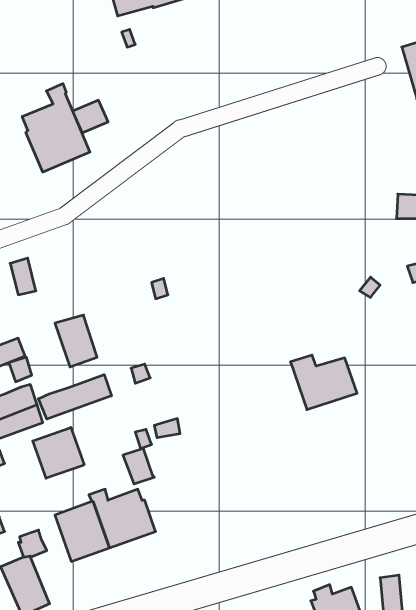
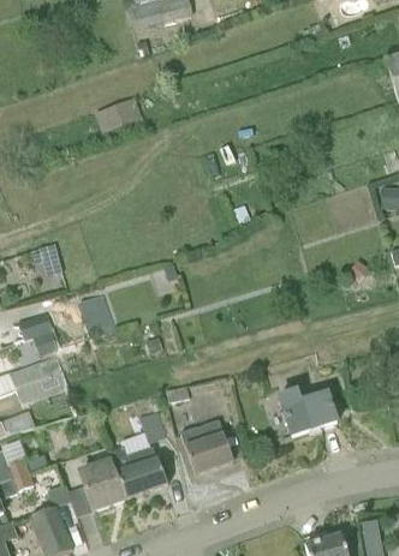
building: [22,84,90,172] -> none
building: [290,355,357,410] -> [278,388,337,436]
building: [38,375,111,419] -> none
building: [33,427,84,478] -> none
building: none -> [180,418,233,474]

